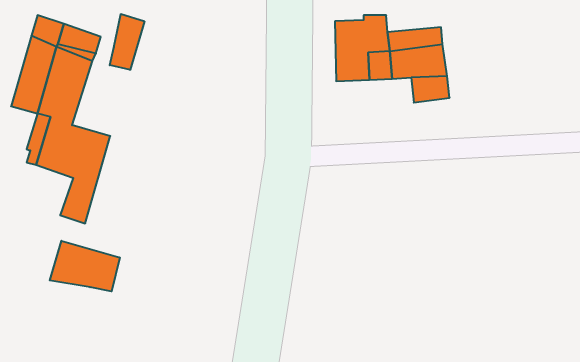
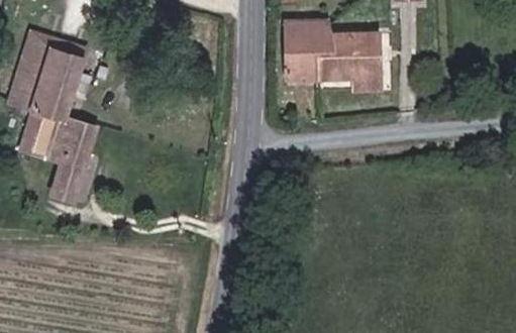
building: [110,14,144,70] -> none
building: [50,241,120,291] -> none

